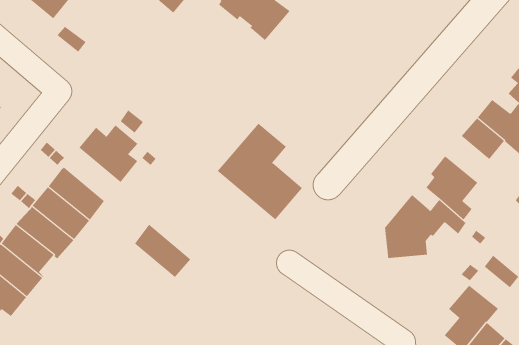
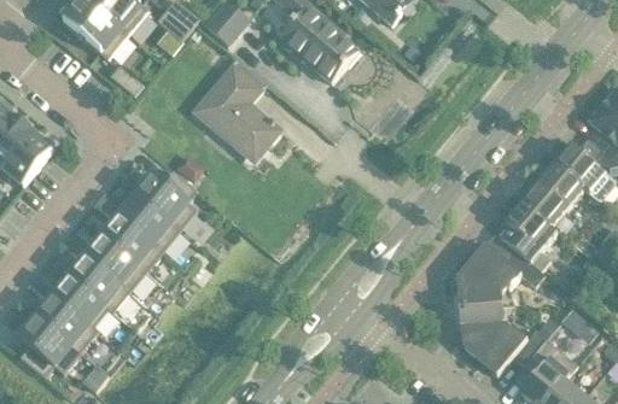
building: [217,123,303,220] -> [191,59,281,162]
building: none -> [519,181,566,230]
building: [134,224,191,278] -> [117,193,177,250]
building: none -> [459,306,544,371]

